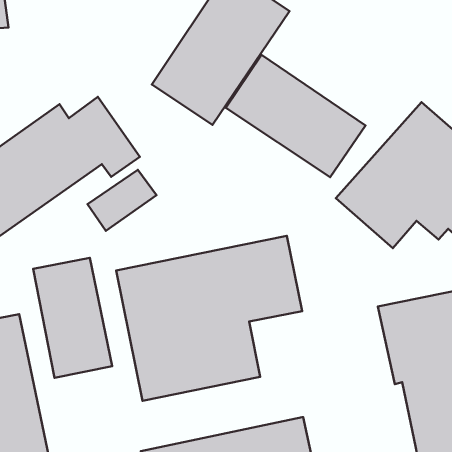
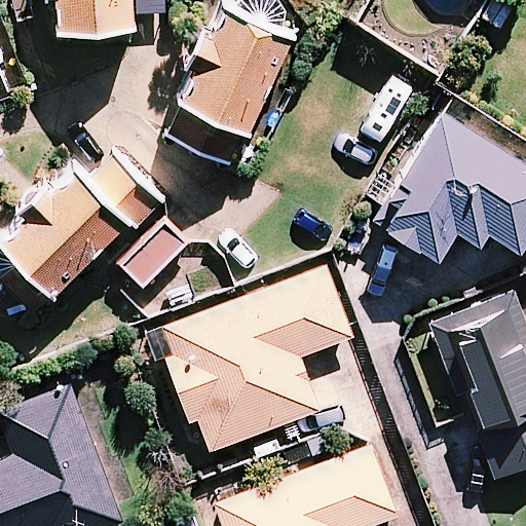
building: [226,55,365,177] -> none
building: [33,258,112,378] -> none

